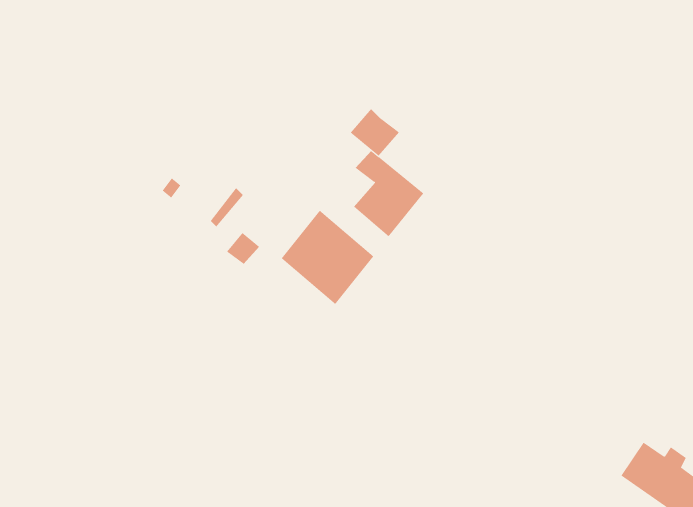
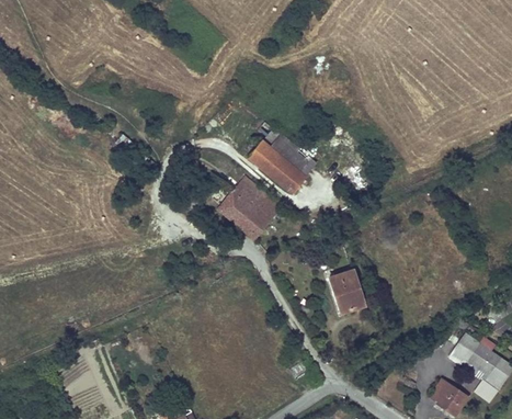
building: [350,108,400,157] -> [248,140,282,173]
building: none -> [330,270,365,314]

